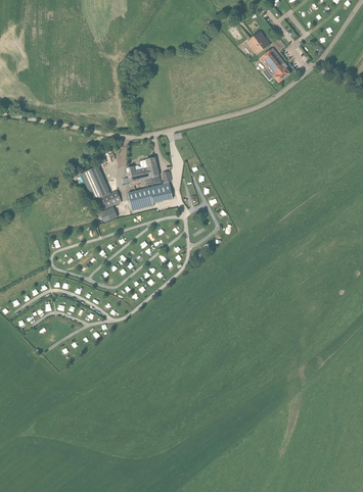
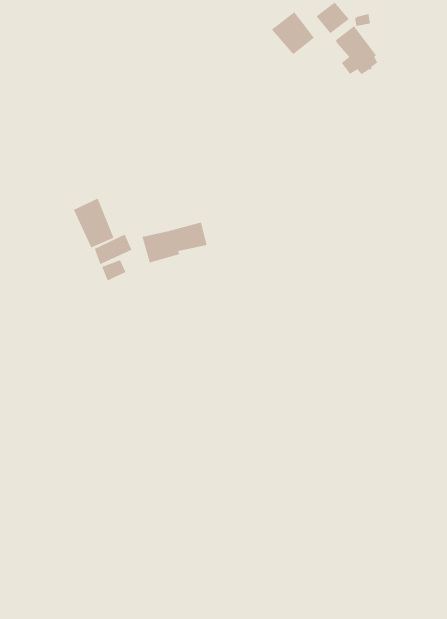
building: none -> [271,11,315,55]
building: [126,156,161,182] -> none

